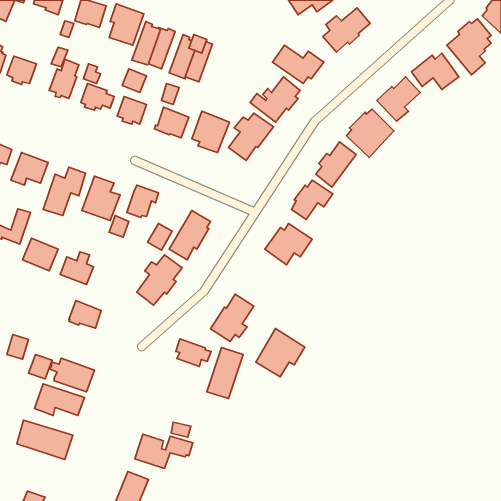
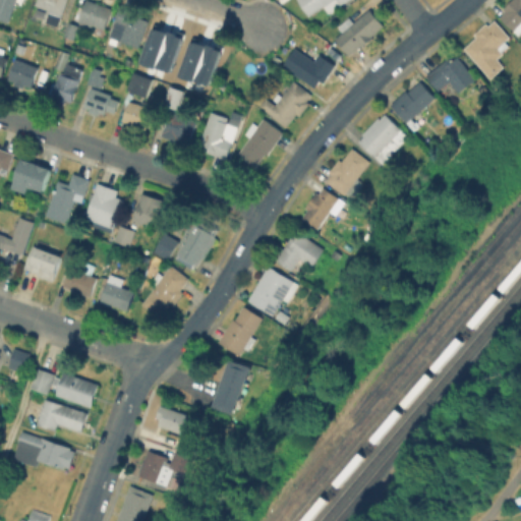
building: [69,301,101,328] -> [100,282,133,310]
building: [256,329,305,377] -> [247,266,298,315]
building: [176,339,211,366] -> [156,405,192,433]

